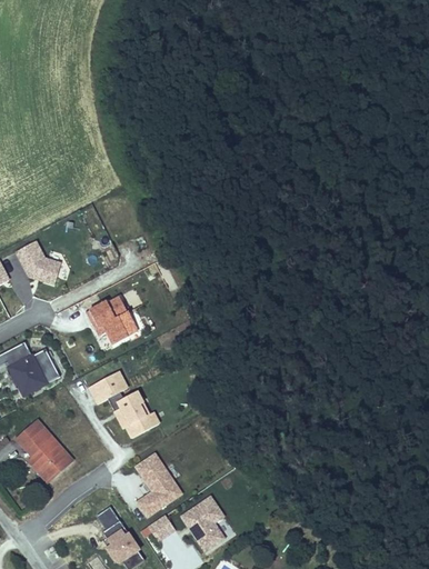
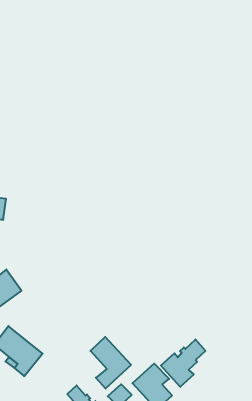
building: [86,295,129,343] -> none
building: [88,371,160,439] -> none
building: none -> [161,339,205,387]

